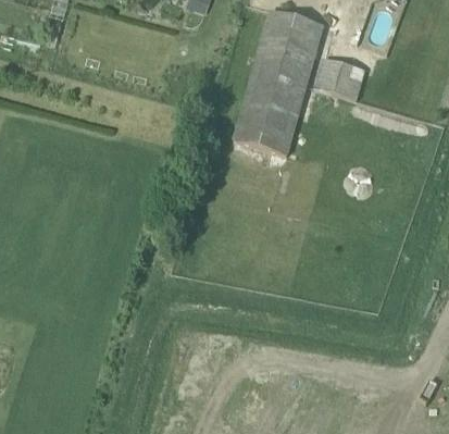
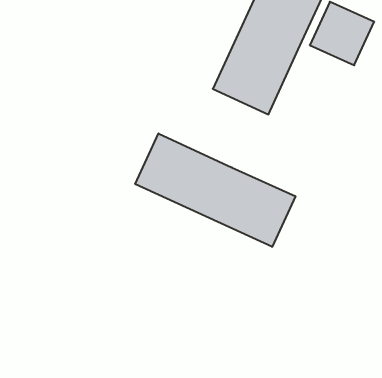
building: none -> [135,133,295,247]

